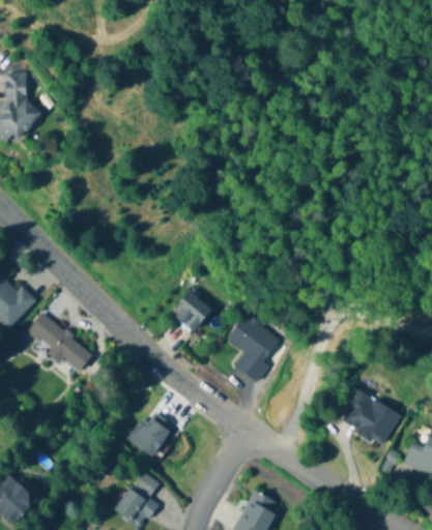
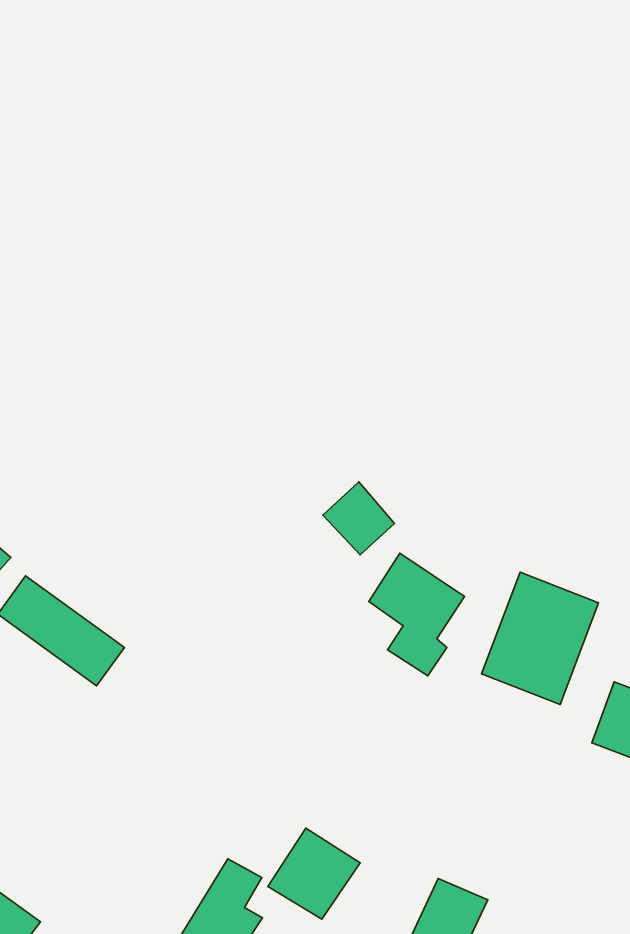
building: [171,291,209,330] -> [323,482,394,555]
building: none -> [482,572,599,704]
building: [127,410,178,460] -> [268,828,360,919]

